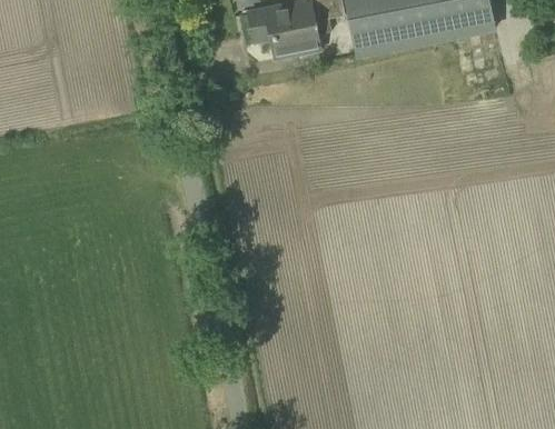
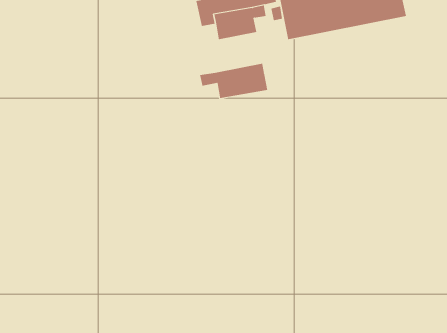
building: none -> [200,63,268,99]

